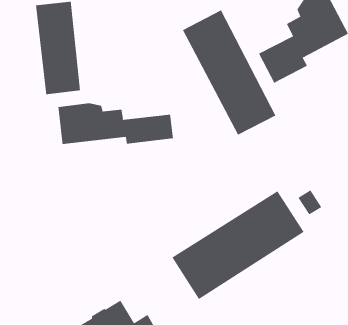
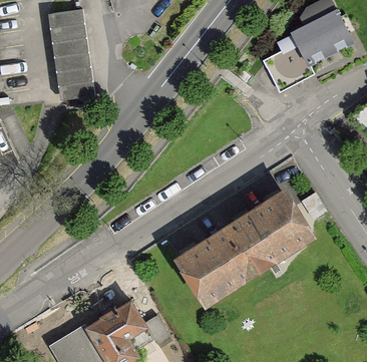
building: [182,9,276,135] -> none
building: [58,103,174,145] -> none

